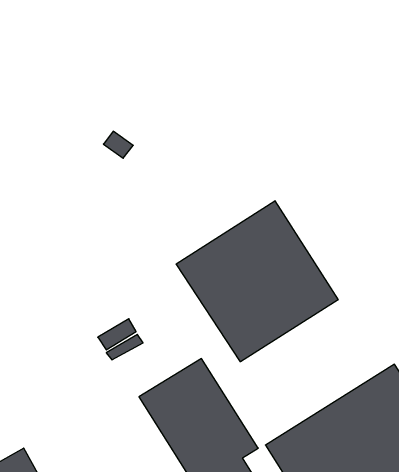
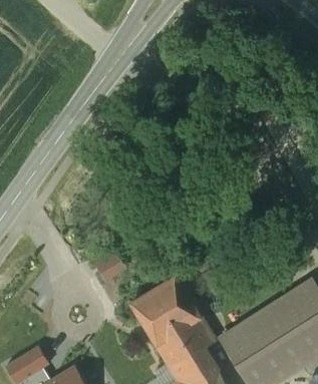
building: [176,201,338,362] -> none

